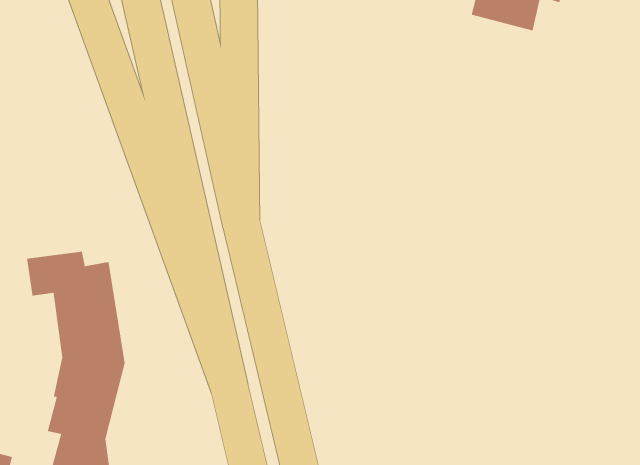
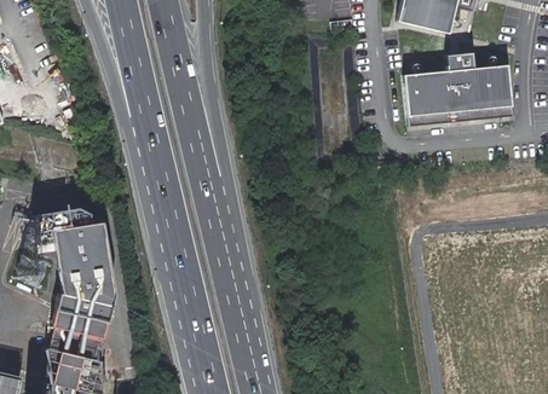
building: none -> [402,51,509,122]

